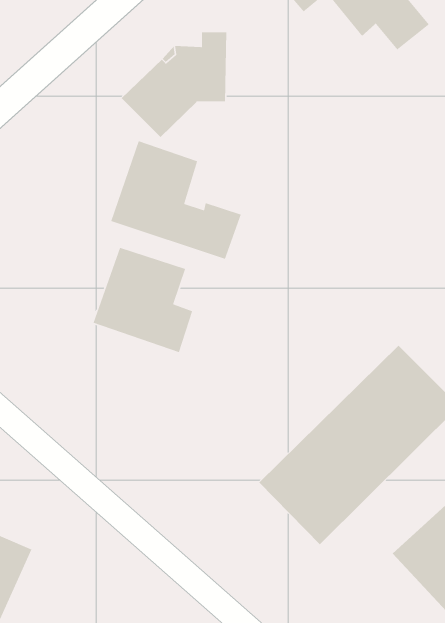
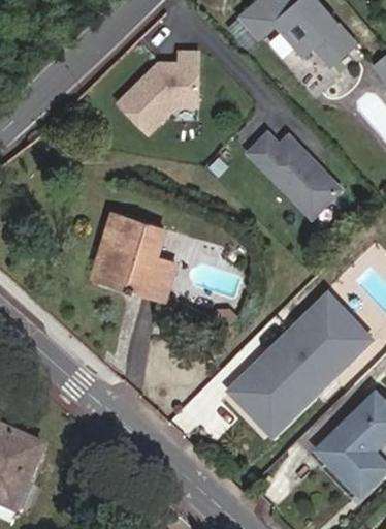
building: [110,140,242,260] -> none
building: none -> [246,135,339,221]

